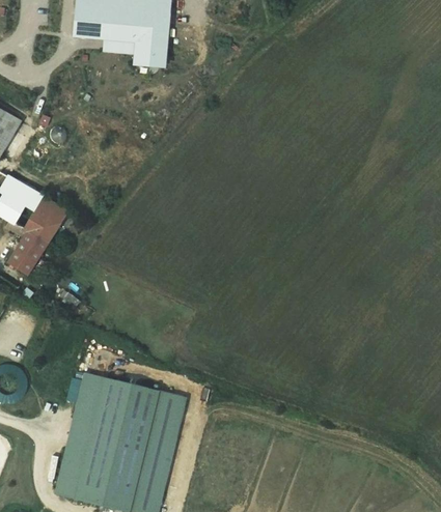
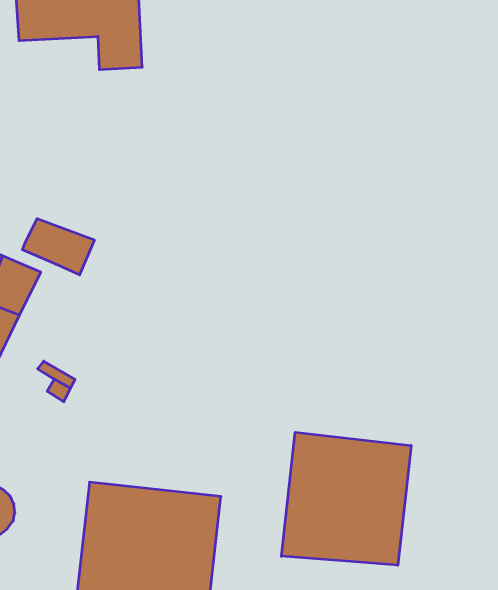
building: none -> [22,219,94,275]
building: none -> [281,432,411,565]

